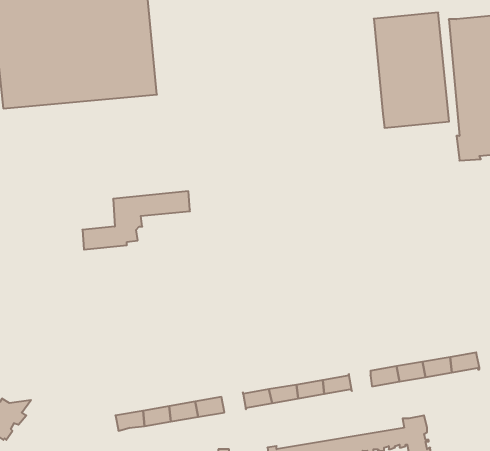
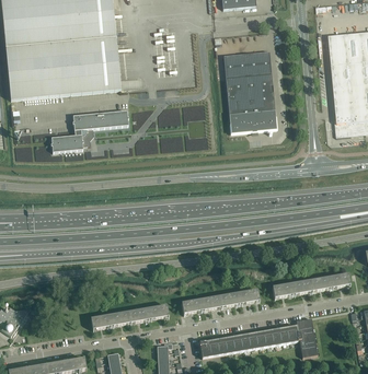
building: [374,13,449,128] -> [223,51,277,133]
building: [82,191,190,250] -> [51,110,128,152]

